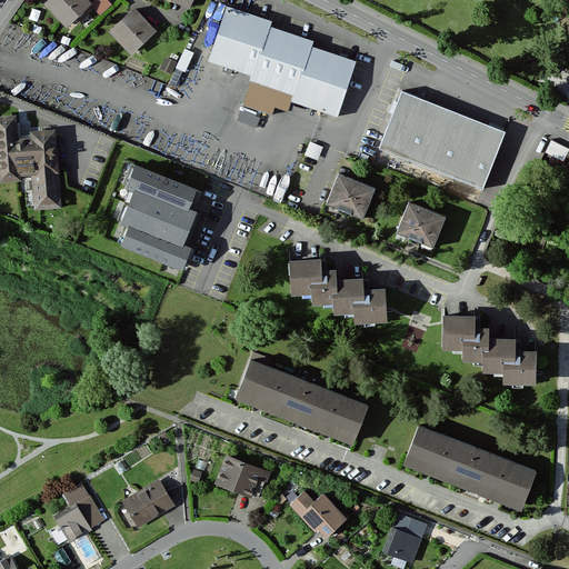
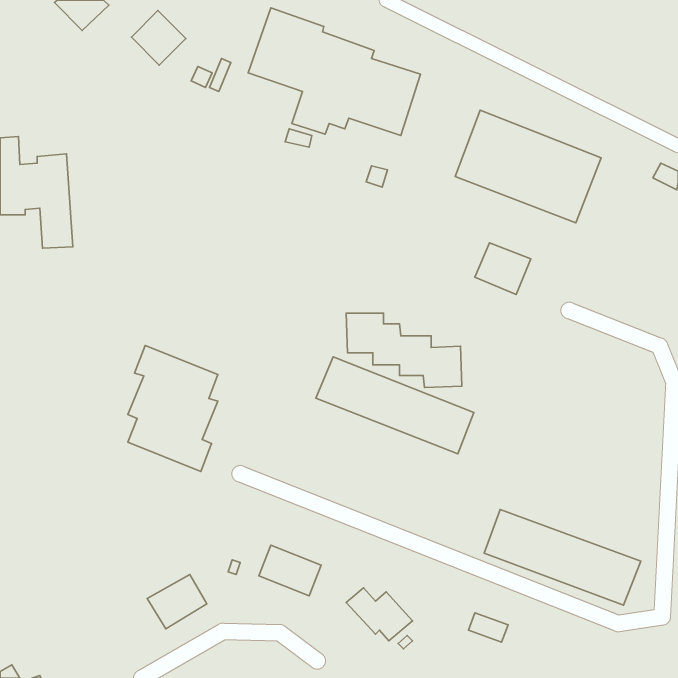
building: [121,163,197,269] -> [128,345,218,471]
building: [327,173,375,218] -> none
building: [443,318,536,385] -> none
building: [236,360,368,441] -> [316,357,474,454]
building: [57,483,103,540] -> none
building: [385,528,420,561] -> none

